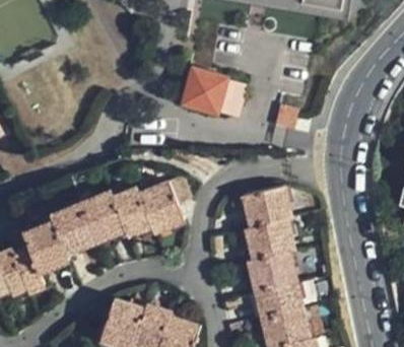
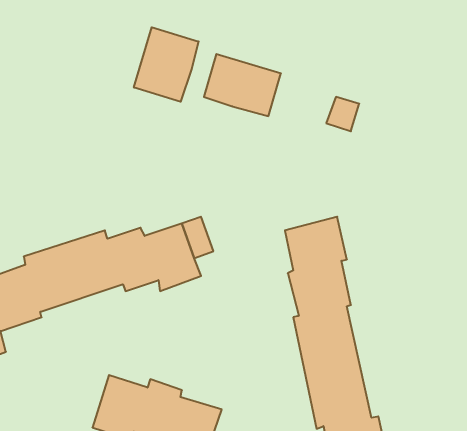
building: none -> [134,27,199,102]

